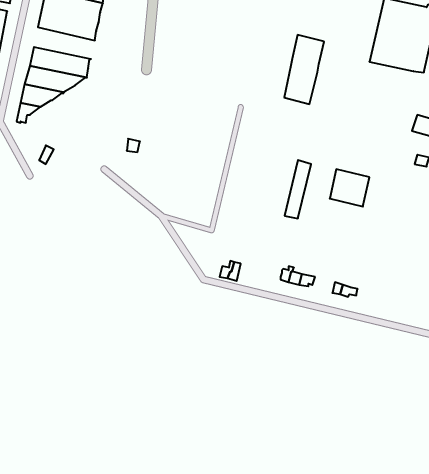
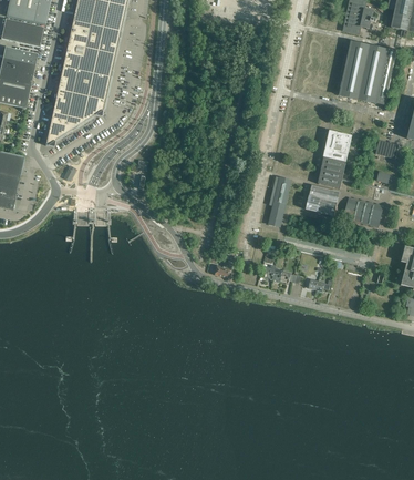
building: none -> [60,65,111,92]
building: [284,35,324,104] -> [319,130,352,187]
building: none -> [344,196,383,226]

